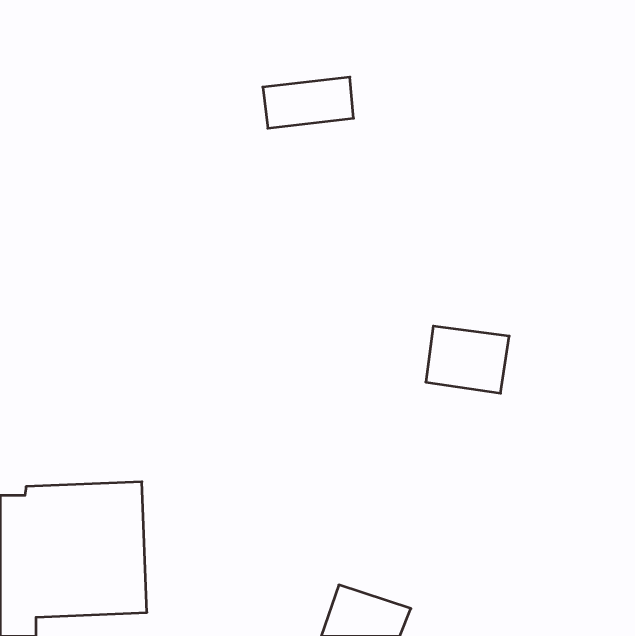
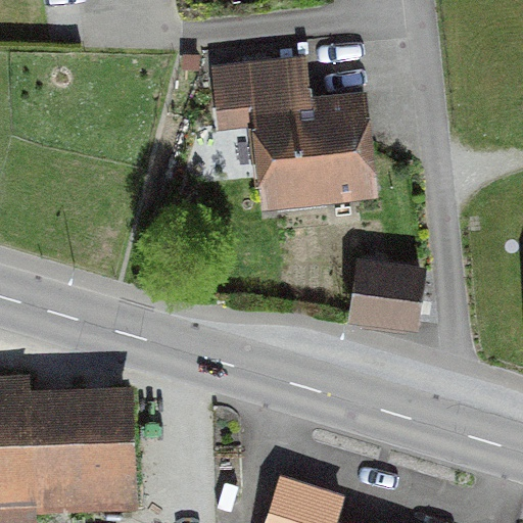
building: none -> [257,102,364,199]

